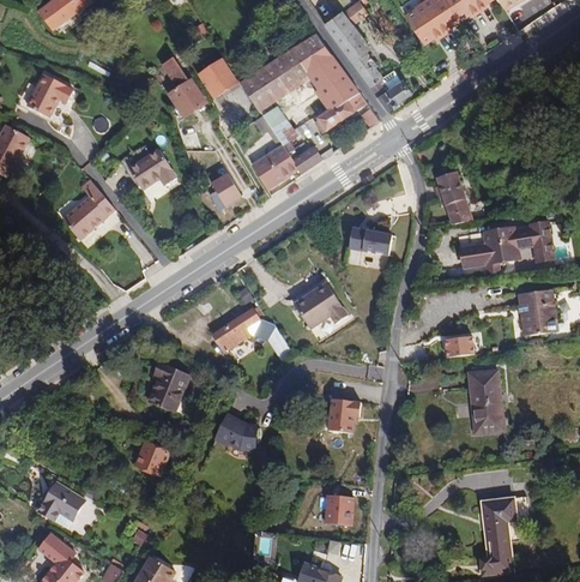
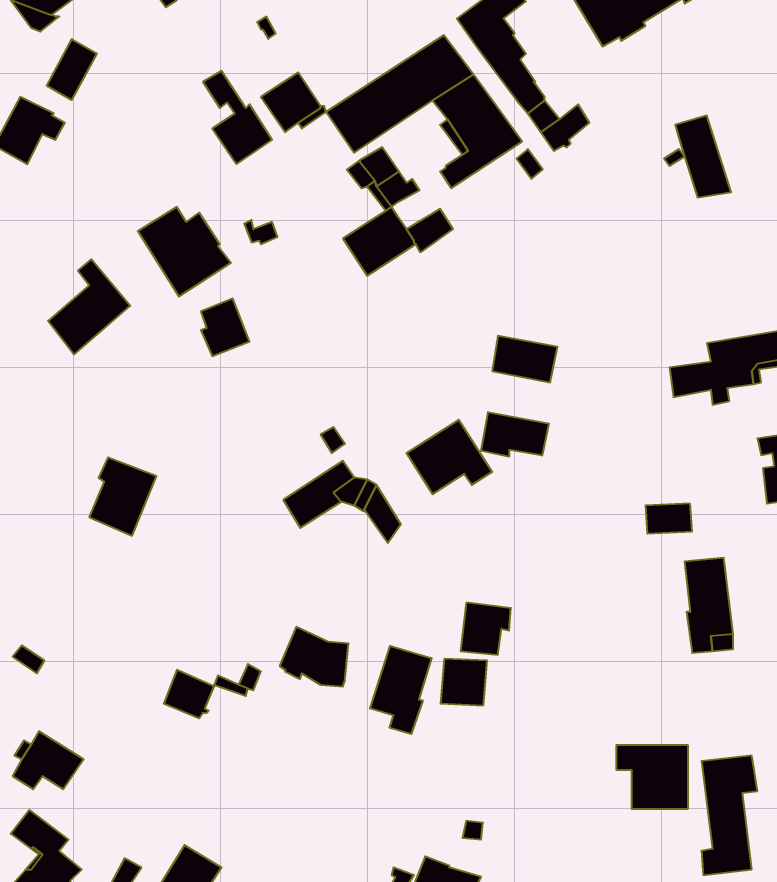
building: none -> [47,39,97,100]
building: [437,170,473,223] -> [675,116,731,198]
building: [211,172,242,209] -> [201,298,250,356]
building: none -> [481,412,549,457]
building: [147,362,191,413] -> [89,457,156,536]
building: none -> [370,646,432,734]
building: none -> [616,745,688,809]
building: [324,496,354,526] -> [441,659,487,705]

